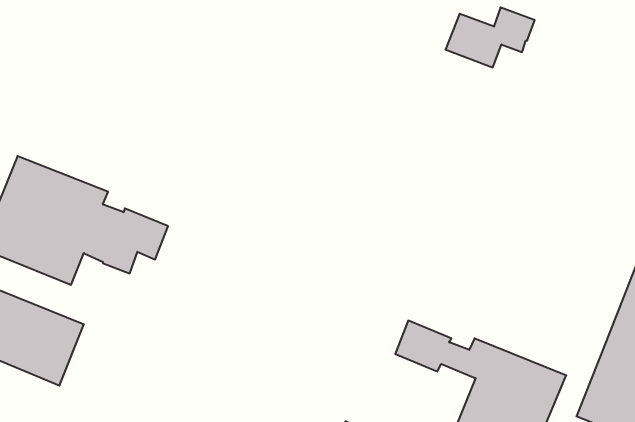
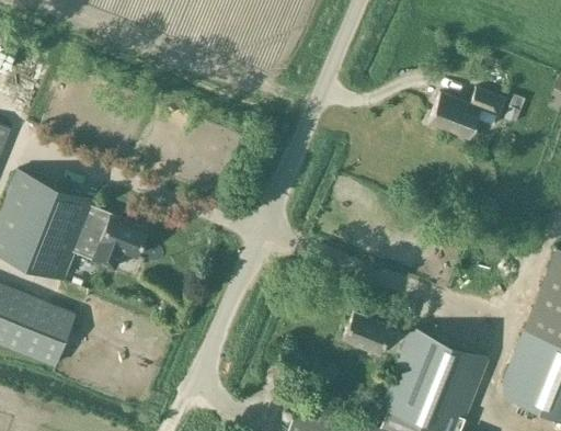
building: [445,7,535,67] -> [428,89,505,140]

